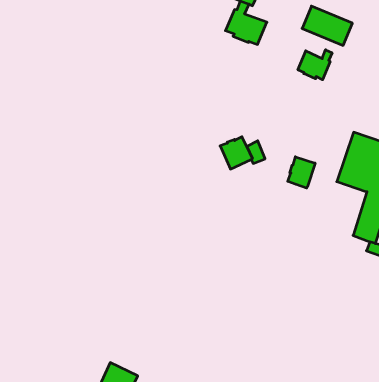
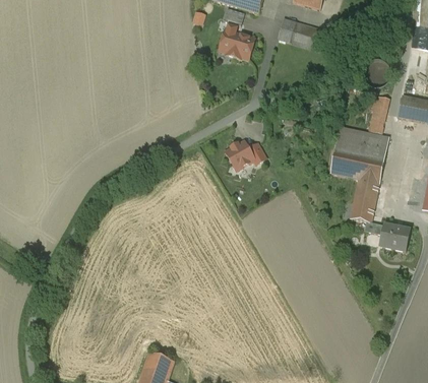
building: [298,50,332,80] -> none
building: [288,157,315,188] -> none

